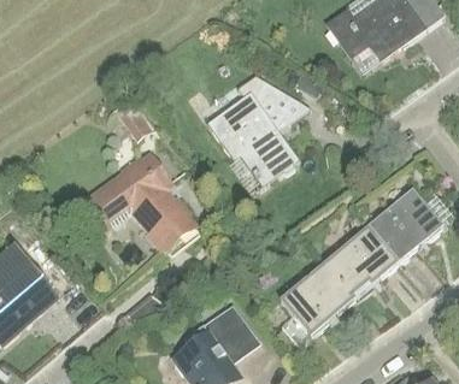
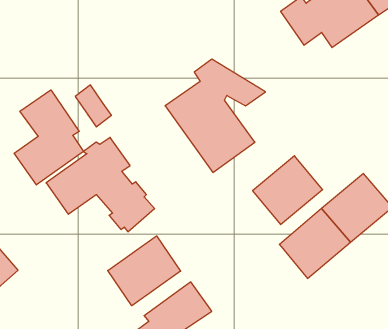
building: none -> [14,90,83,185]
building: none -> [108,236,181,306]
building: [282,265,354,336] -> [253,156,323,225]

